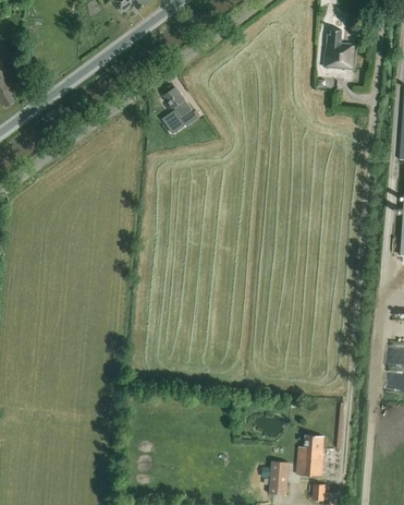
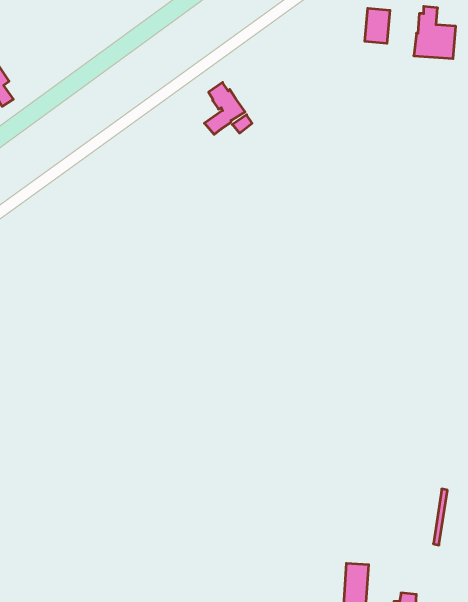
building: none -> [365,8,390,43]
building: [297,435,323,477] -> none

